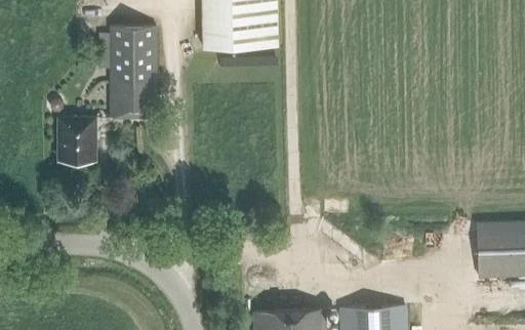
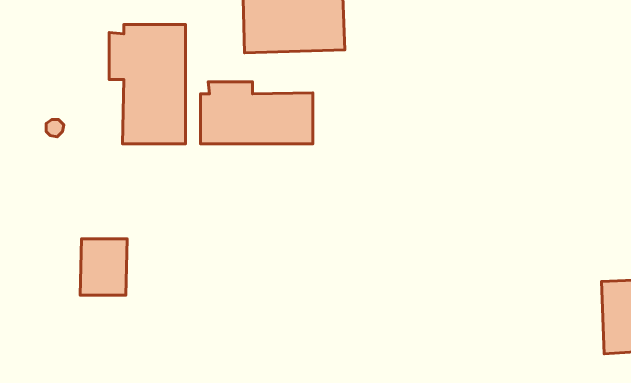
building: none -> [201,82,313,144]
building: [59,118,95,161] -> [80,239,127,295]

